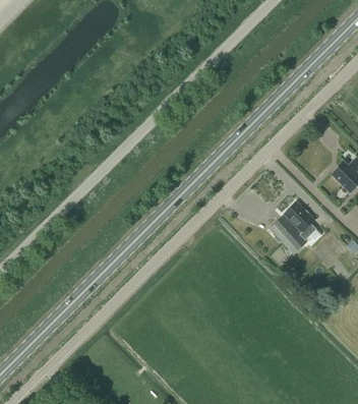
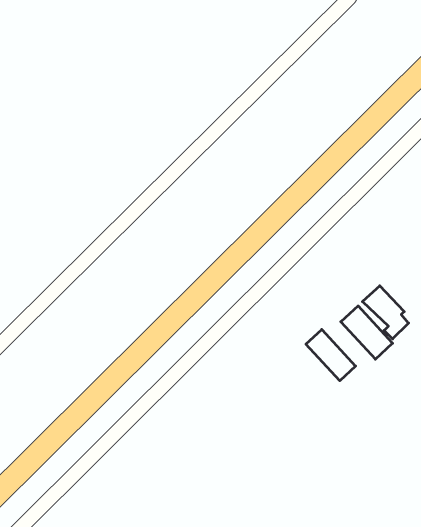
building: none -> [306,329,356,381]

